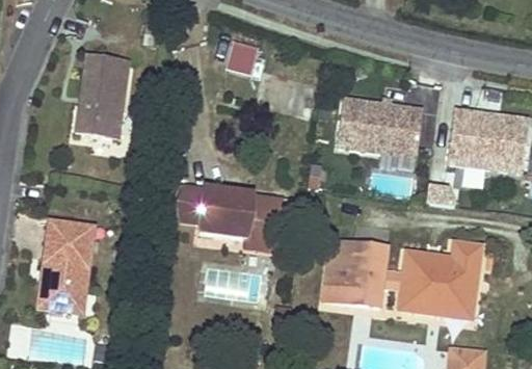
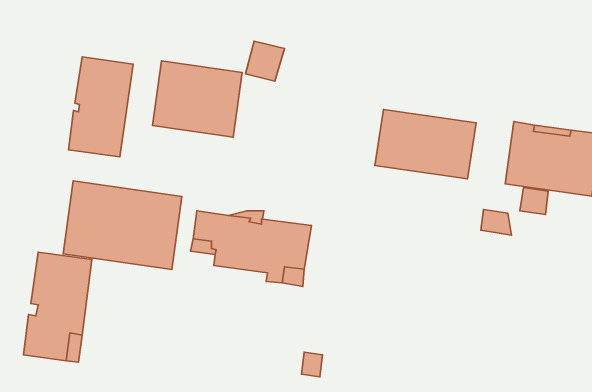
building: none -> [153,61,242,137]
building: none -> [63,181,182,270]
building: [324,238,479,317] -> none

